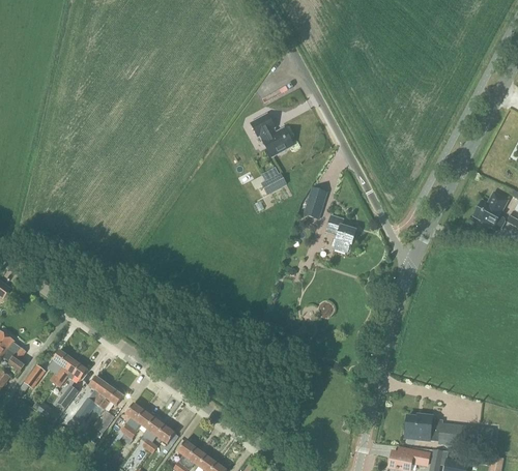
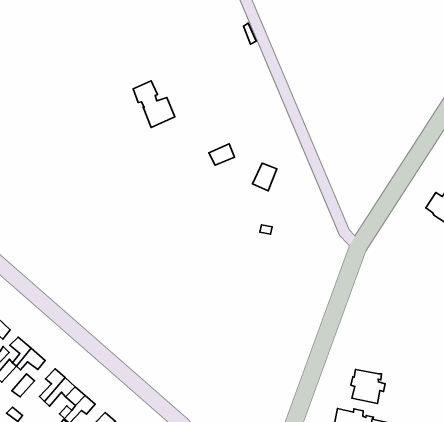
building: [250,112,292,156] -> [133,81,175,128]
building: [324,214,355,248] -> none
building: none -> [351,369,385,403]

